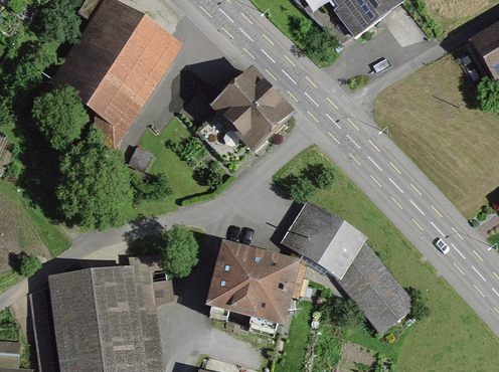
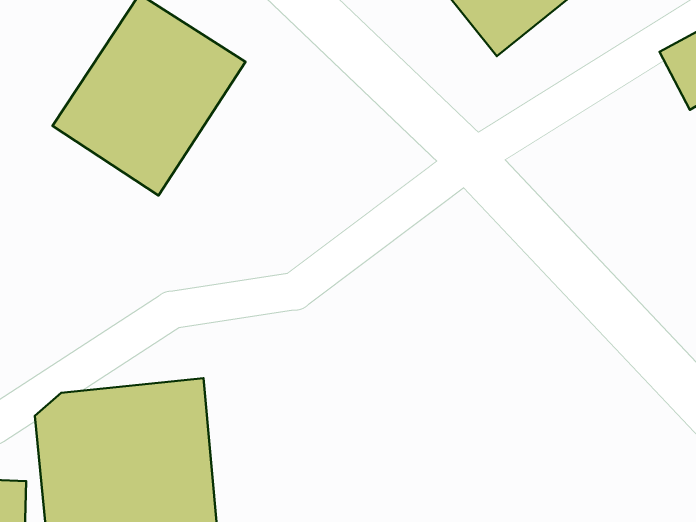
building: [213,70,295,152] -> none
building: [285,203,413,331] -> none
building: [203,246,294,328] -> none

